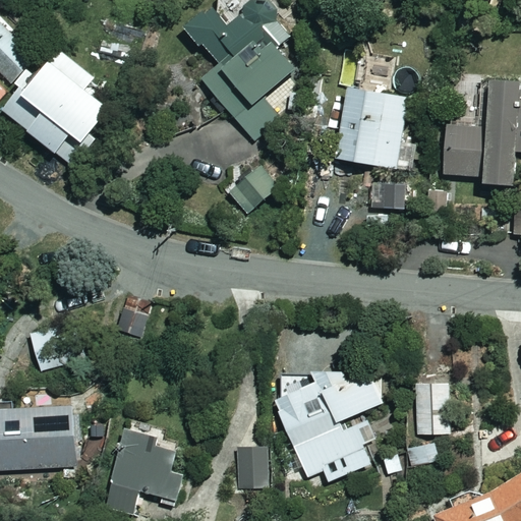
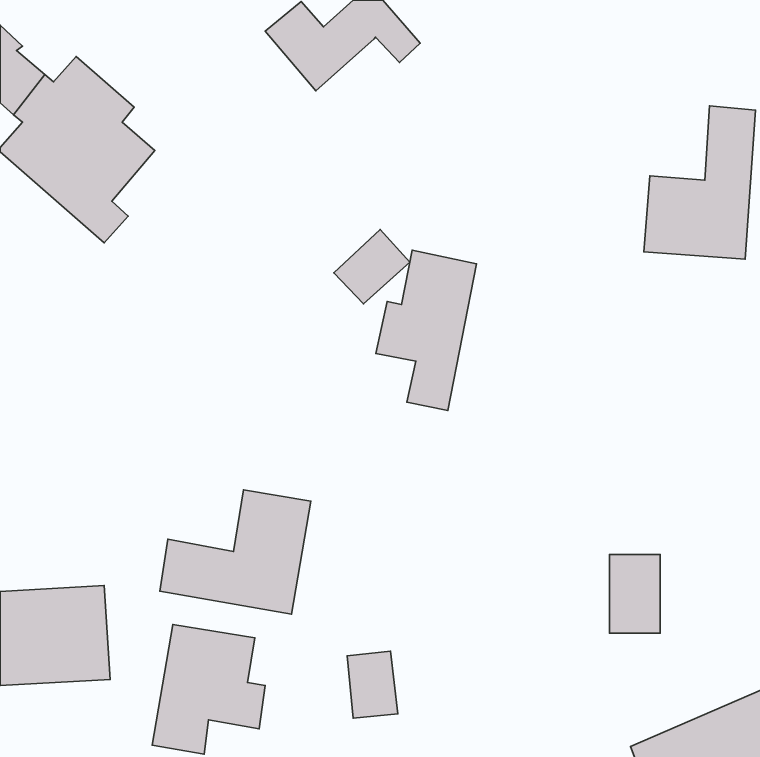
building: [200,28,291,143] -> none
building: [334,85,415,171] -> none
building: none -> [376,250,477,410]
building: none -> [160,490,311,614]
building: [272,366,382,483] -> none

